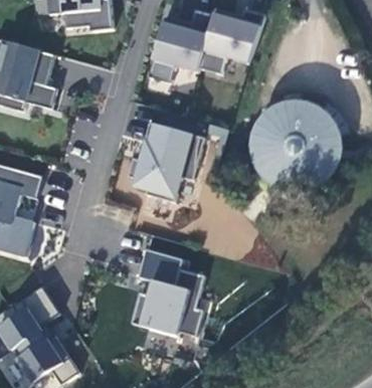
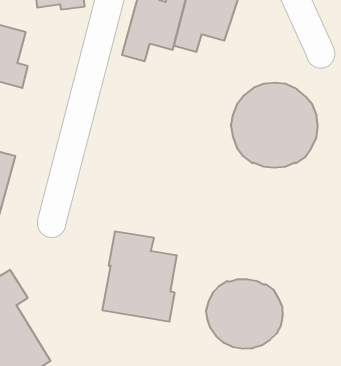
building: [129,123,206,201] -> none
building: none -> [206,279,282,349]

